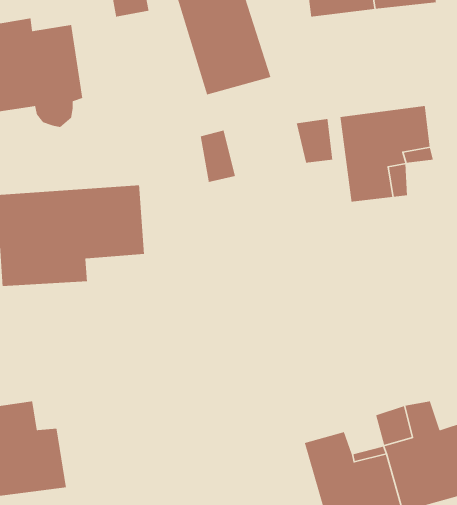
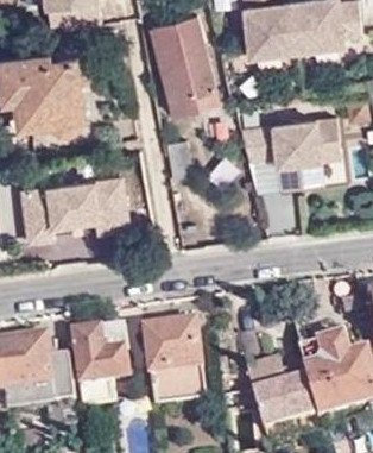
building: none -> [144,319,203,401]
building: none -> [74,325,127,403]

